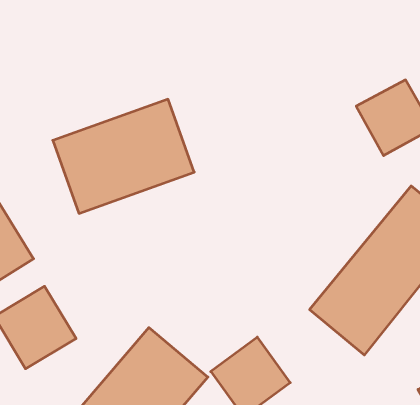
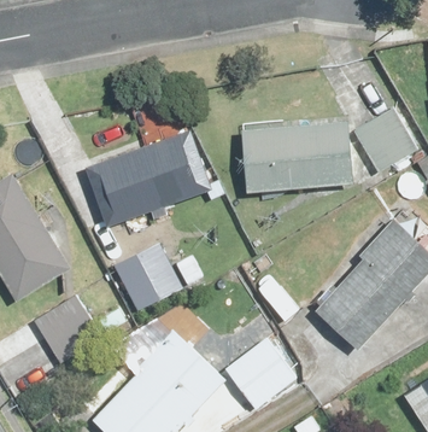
building: none -> [242,125,353,200]
building: none -> [113,238,184,310]

